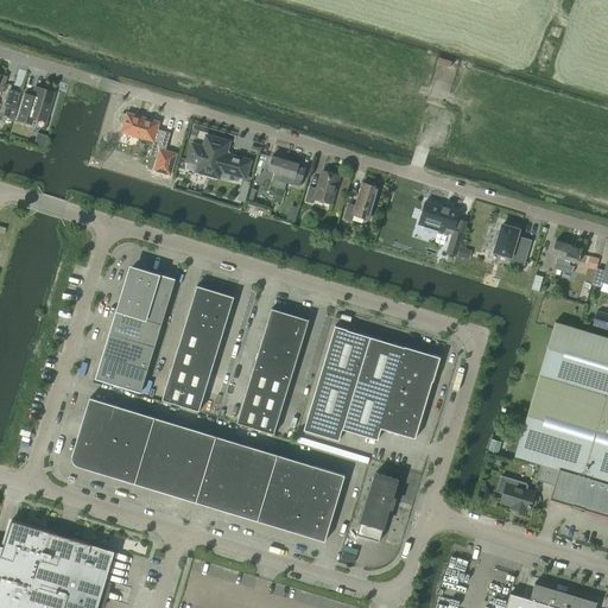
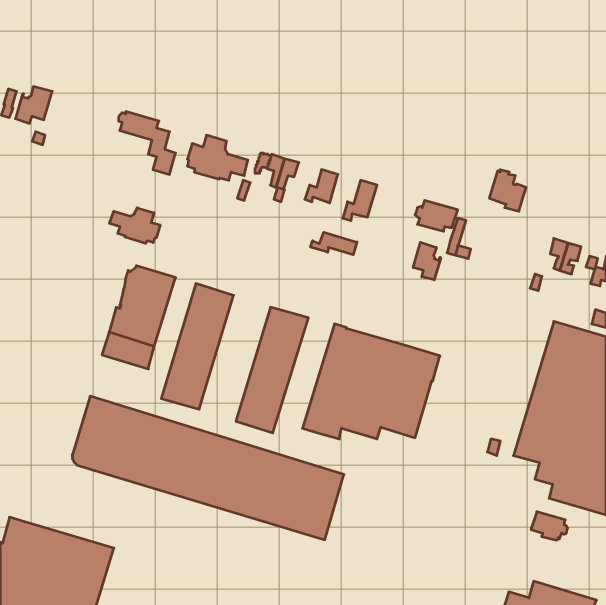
building: none -> [109,208,160,243]
building: [493,223,530,265] -> [489,170,526,211]
building: none -> [311,232,357,255]
building: none -> [413,242,441,280]
building: [95,356,148,393] -> none
building: [356,473,398,543] -> none
building: [500,484,537,513] -> [531,512,568,540]

